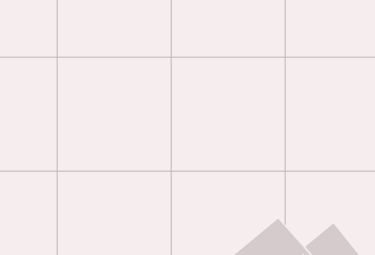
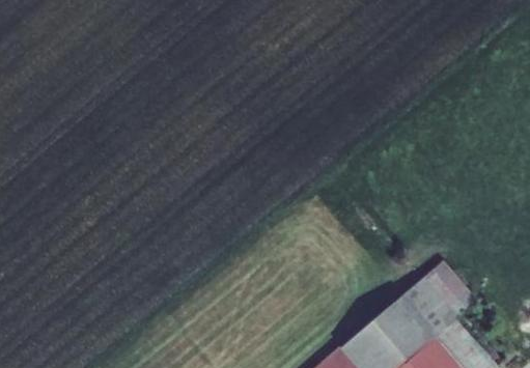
building: none -> [397,268,465,335]

